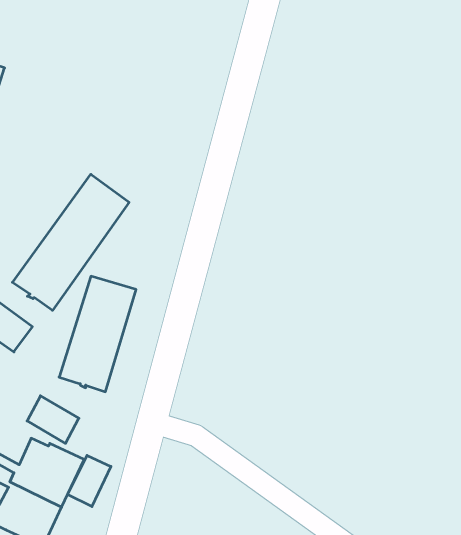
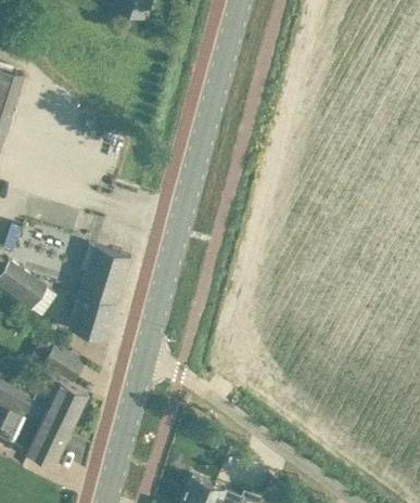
building: [12,174,129,310] -> none
building: [68,455,111,507] -> none

